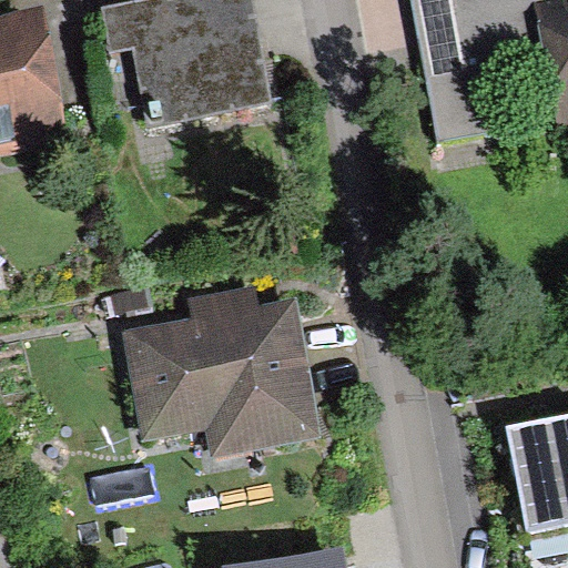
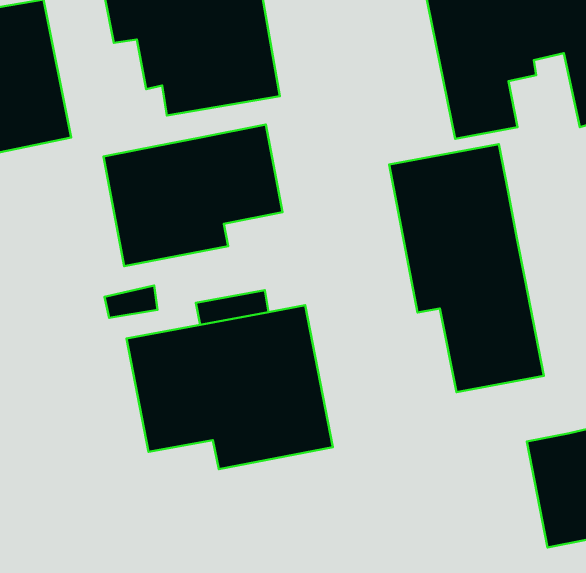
building: none -> [104,125,282,266]
building: none -> [389,144,544,392]

